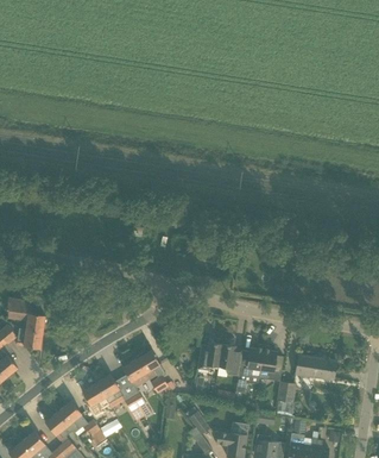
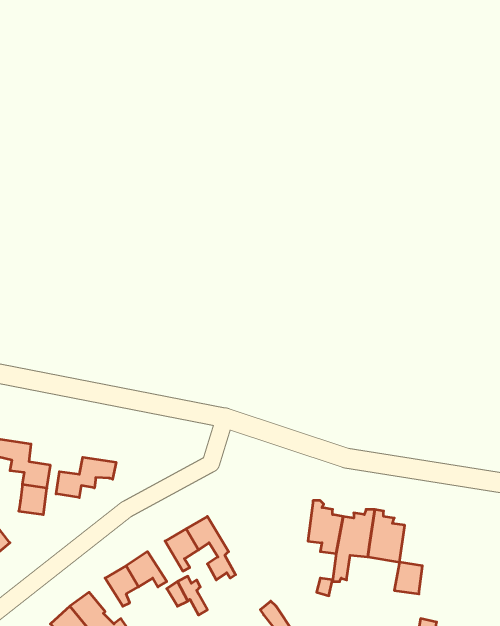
building: none -> [56,457,116,498]
building: [196,339,221,371] -> none
building: [295,356,335,381] -> none

